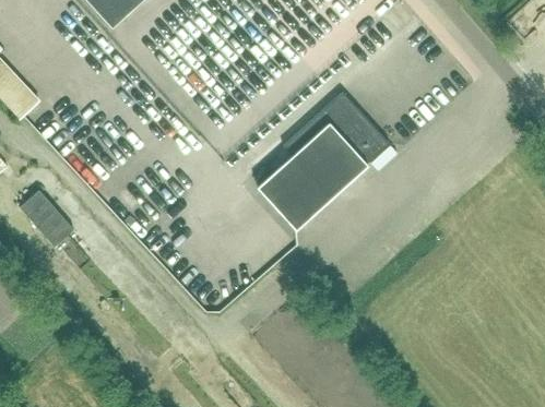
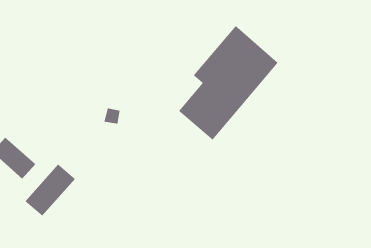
building: none -> [24,164,76,217]

